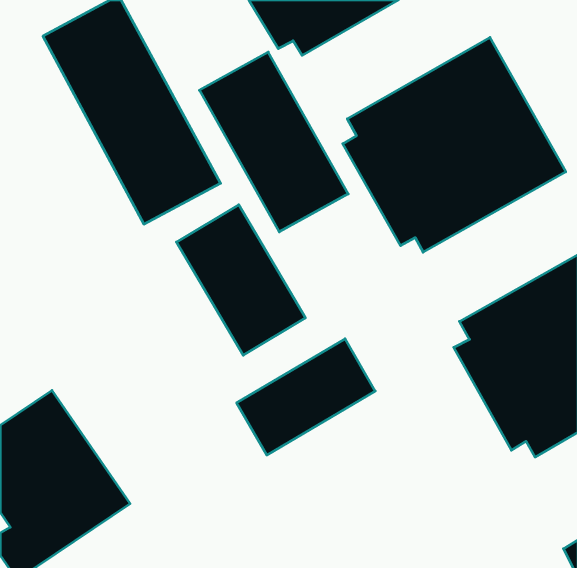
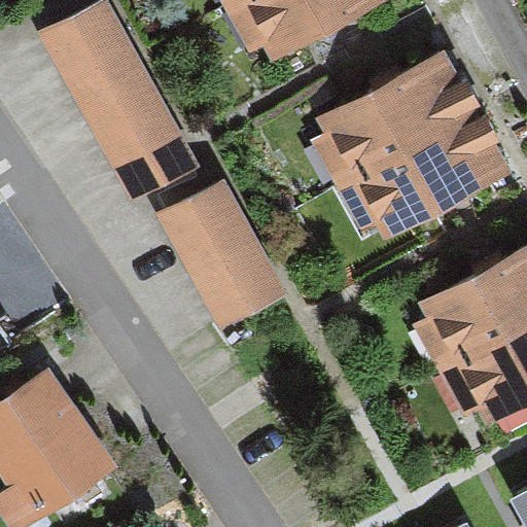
building: [199,52,348,232] -> none
building: [237,339,375,455] -> none

